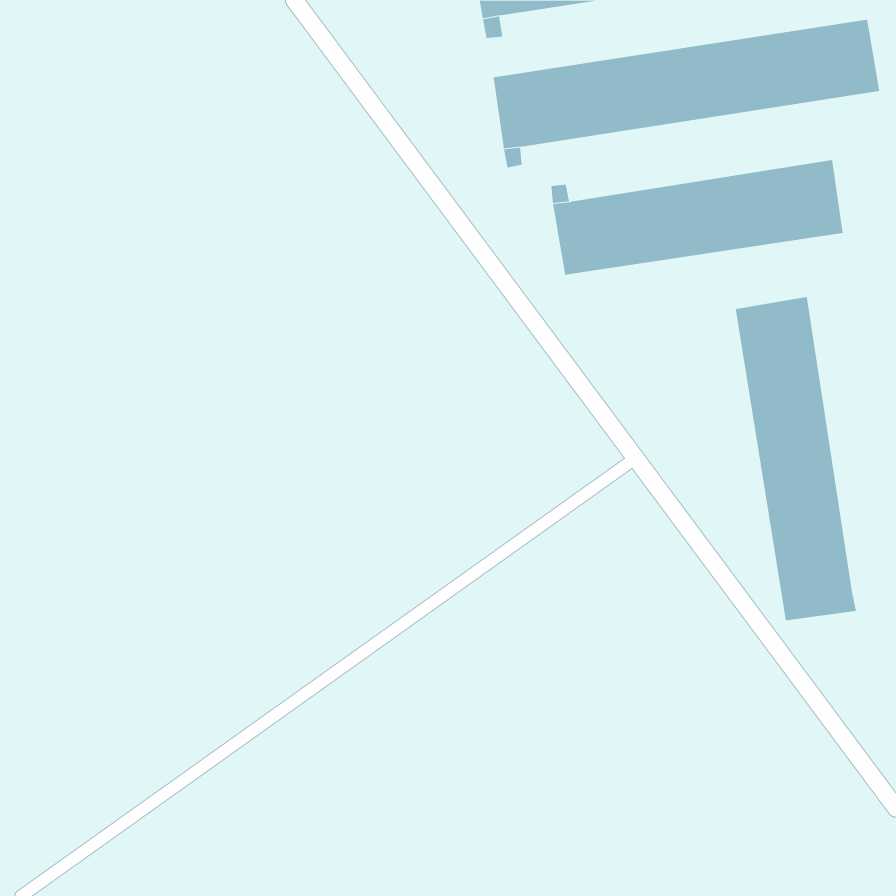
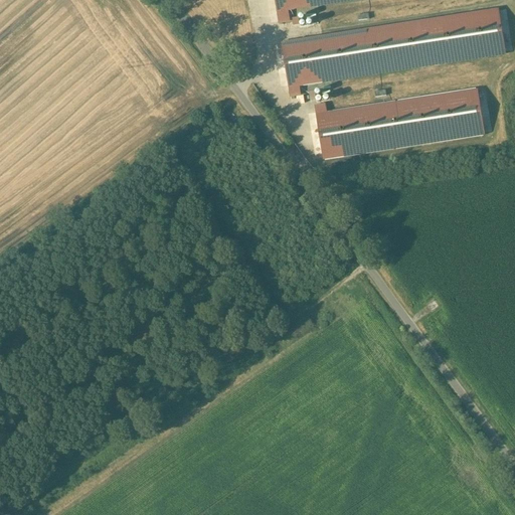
building: [735,296,856,621] -> none

